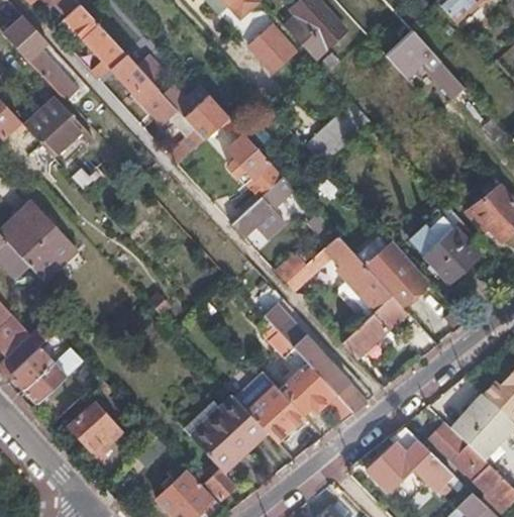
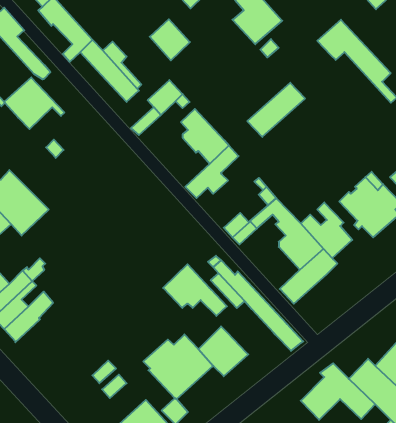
building: [239,17,286,65] -> [150,19,190,60]
building: [282,365,355,424] -> [163,264,227,316]
building: [69,401,121,454] -> none

